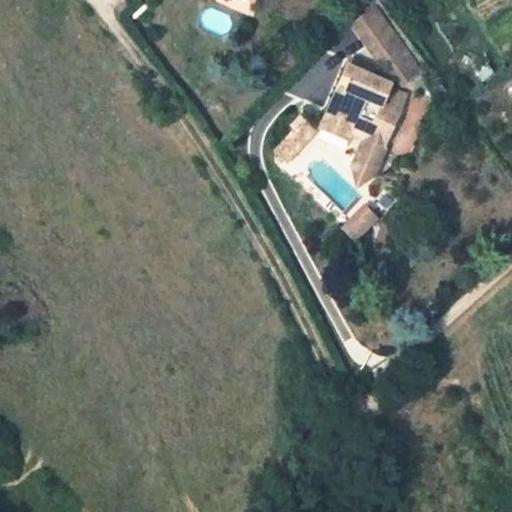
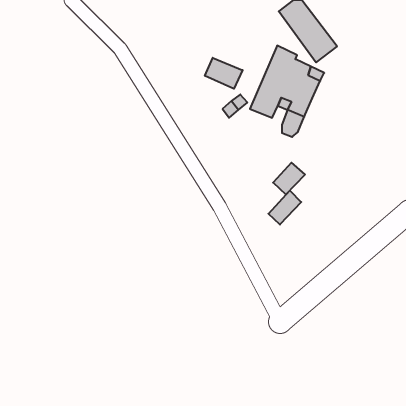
building: none -> [205,58,243,89]
building: none -> [268,191,301,225]

